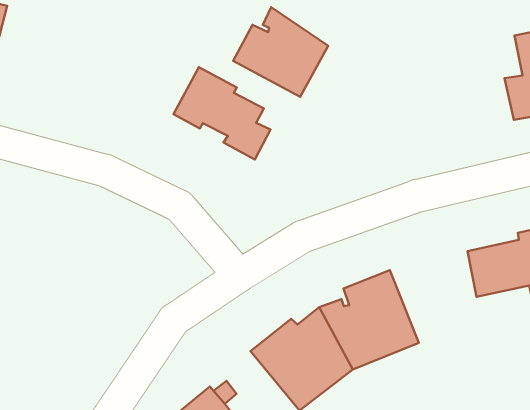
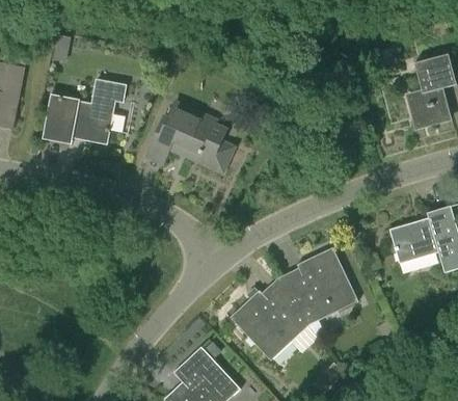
building: [233,7,328,97] -> none
building: none -> [44,80,126,142]

